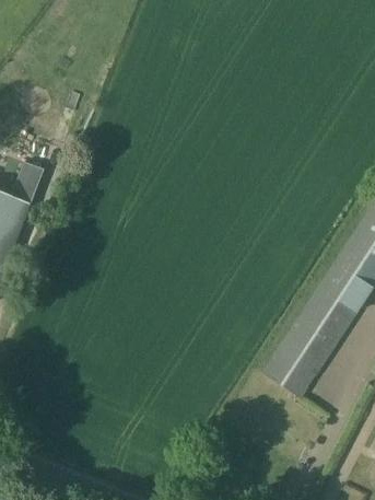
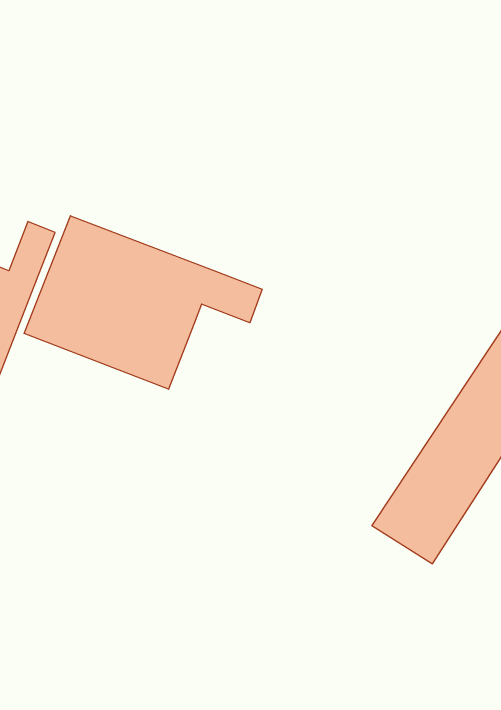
building: none -> [24,216,262,389]

